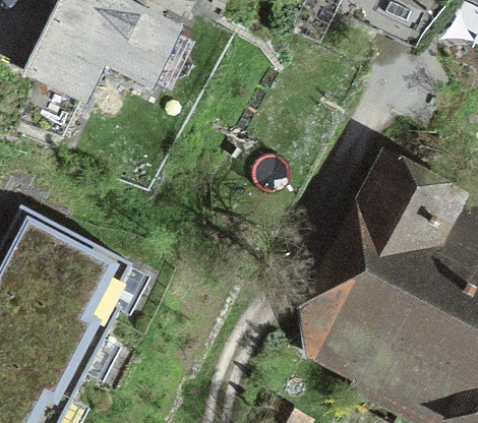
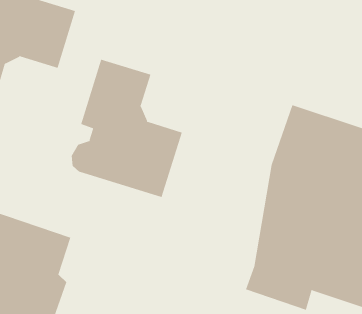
building: none -> [71,59,183,198]

